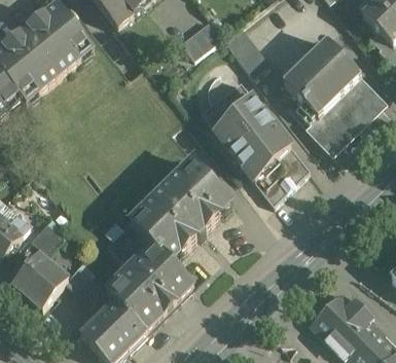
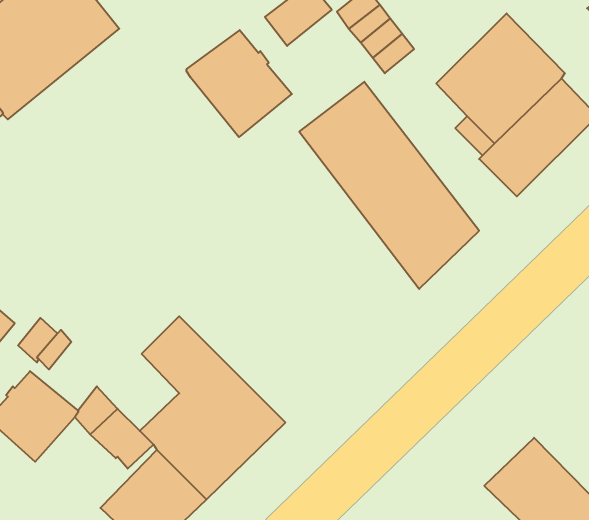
building: none -> [187,30,292,137]
building: [129,159,230,261] -> none

